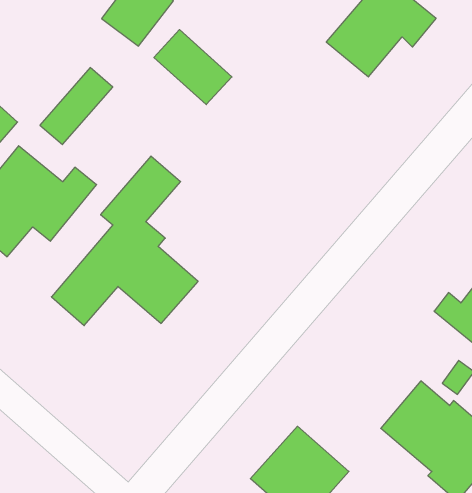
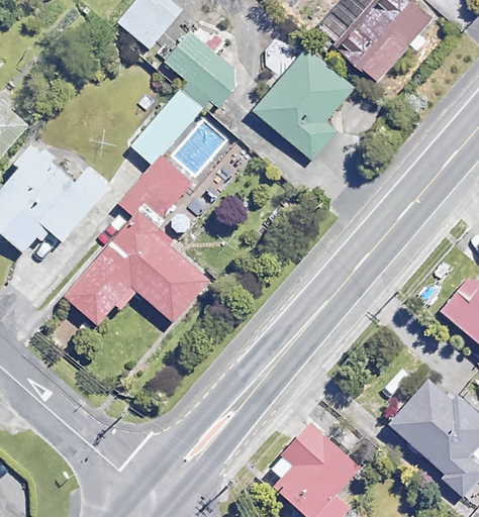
building: none -> [255,47,353,159]
building: [40,68,113,145] -> [131,90,203,166]

